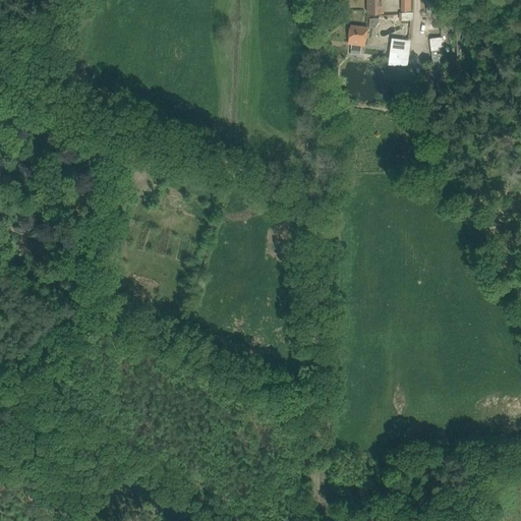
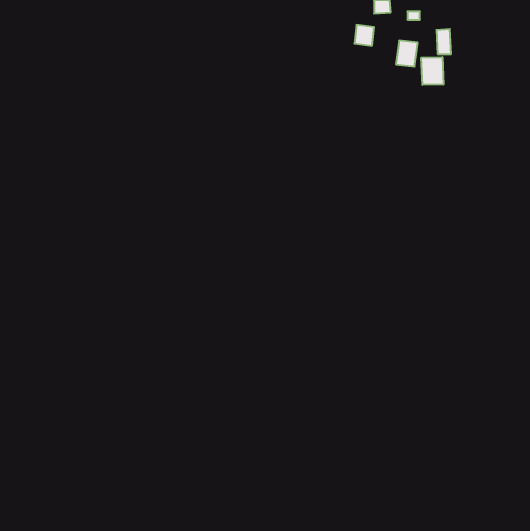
building: none -> [421,57,443,85]

